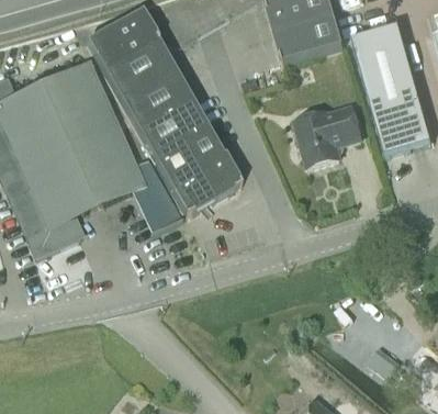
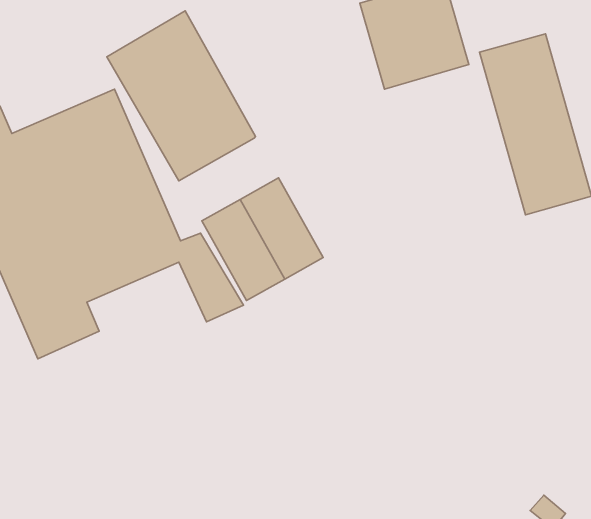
building: [136,99,207,159] -> none
building: [294,107,361,167] -> none

